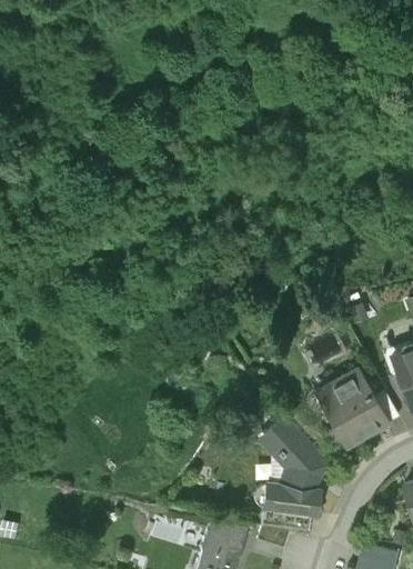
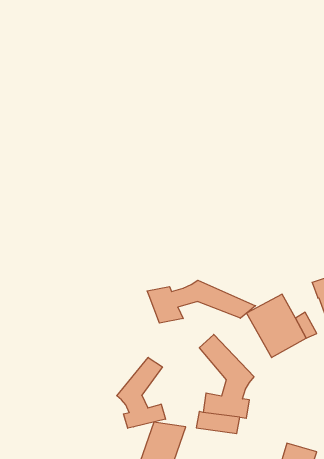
building: none -> [147,280,256,323]
building: none -> [117,357,166,428]

